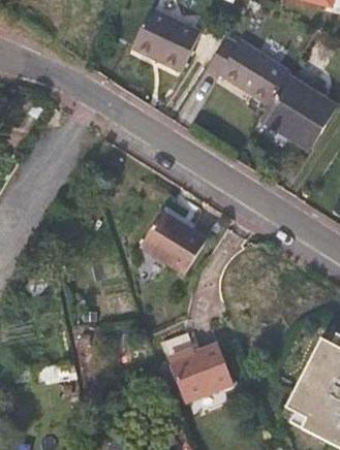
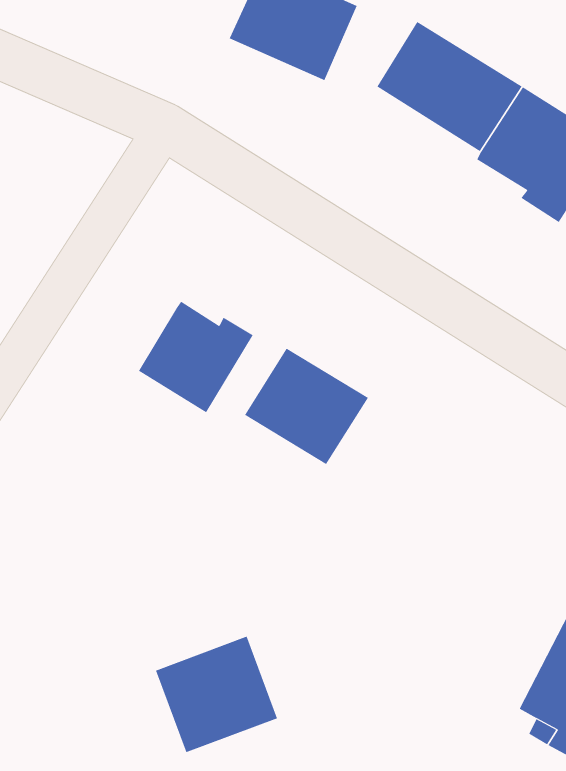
building: none -> [138,301,253,413]
building: [169,338,236,400] -> [155,636,278,753]

